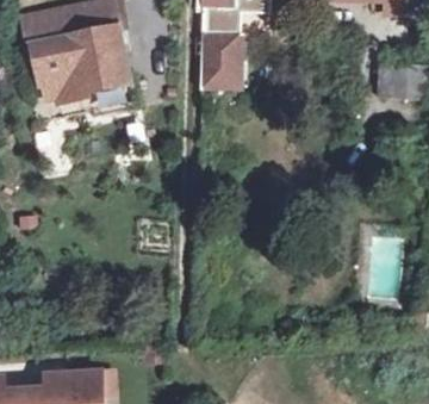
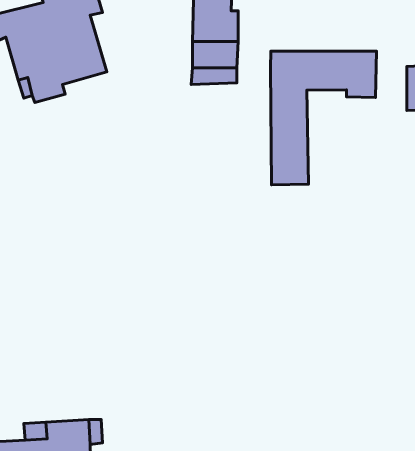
building: none -> [270,51,376,185]

